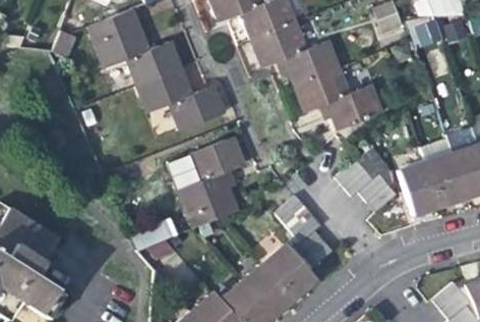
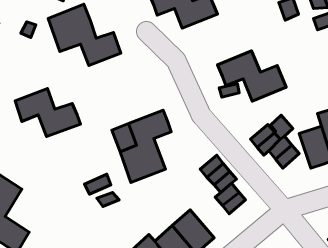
building: [254,21,340,84] -> none
building: [139,69,220,128] -> [15,88,80,137]
building: [264,246,313,297] -> none

